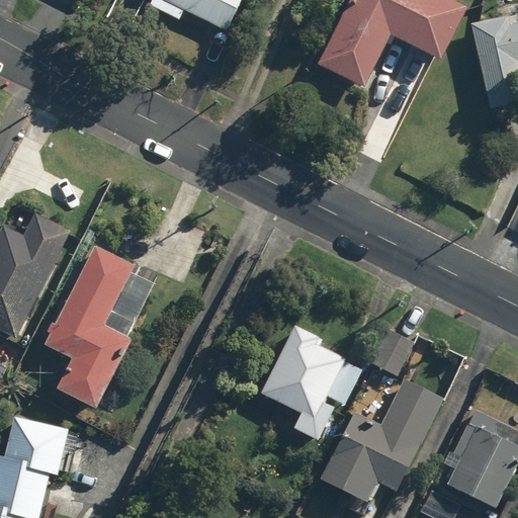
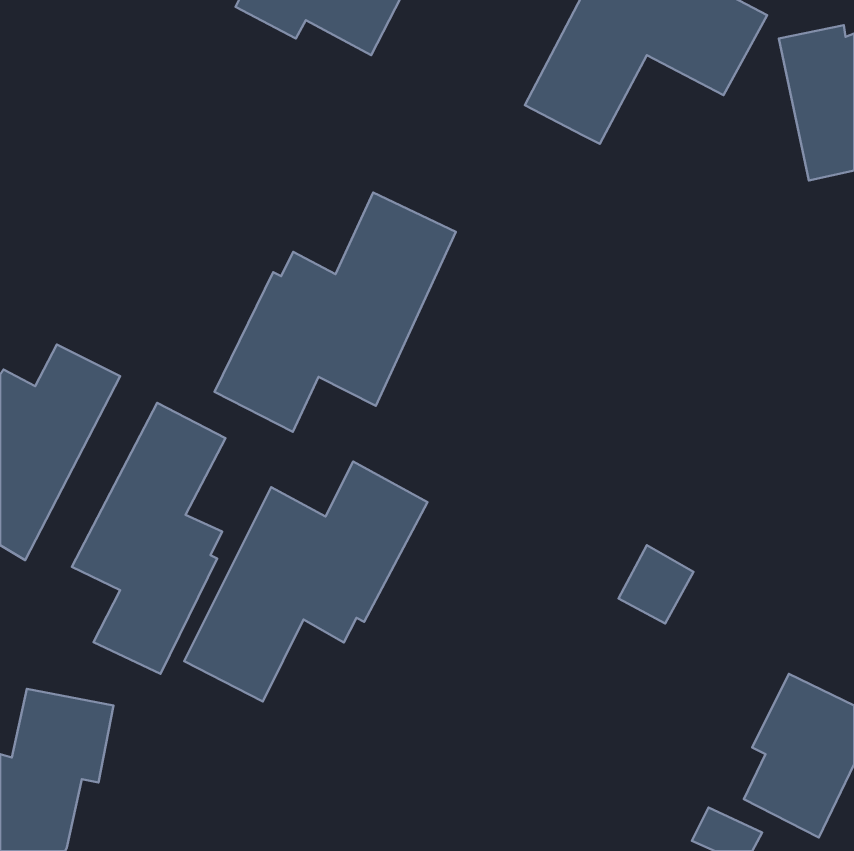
building: none -> [214,193,456,432]
building: none -> [184,462,427,701]
building: [260,325,363,441] -> none
building: [320,374,442,502] -> none

